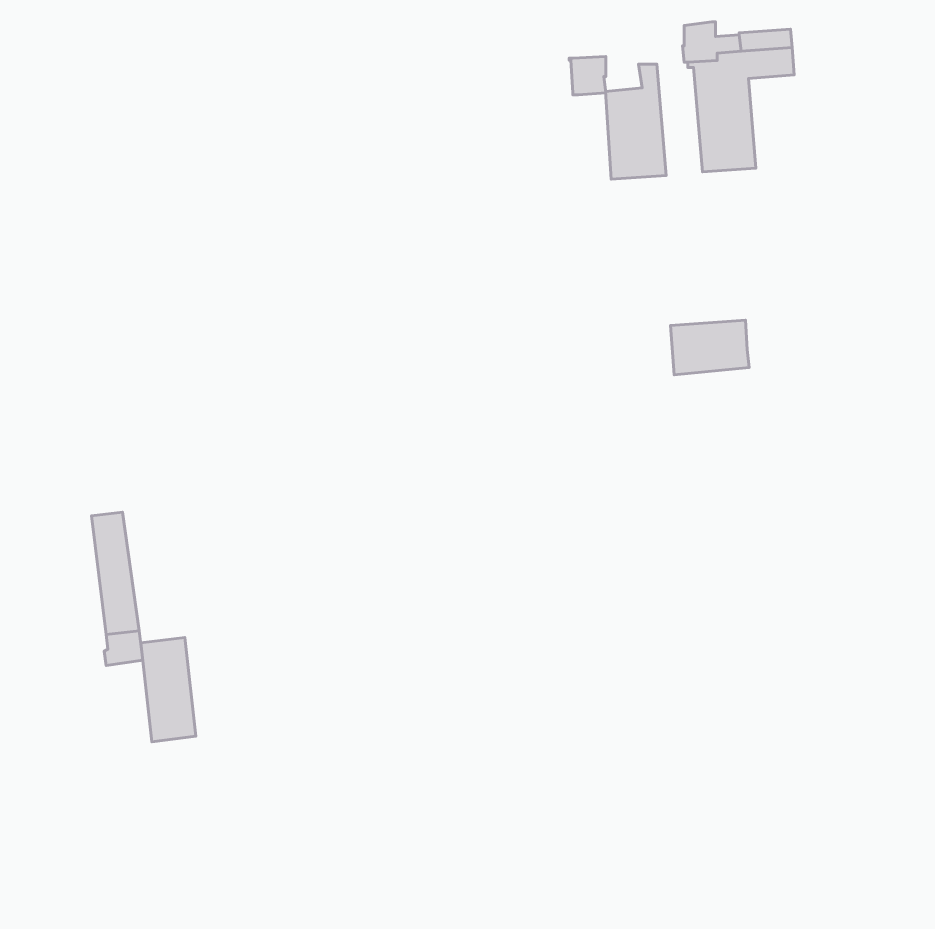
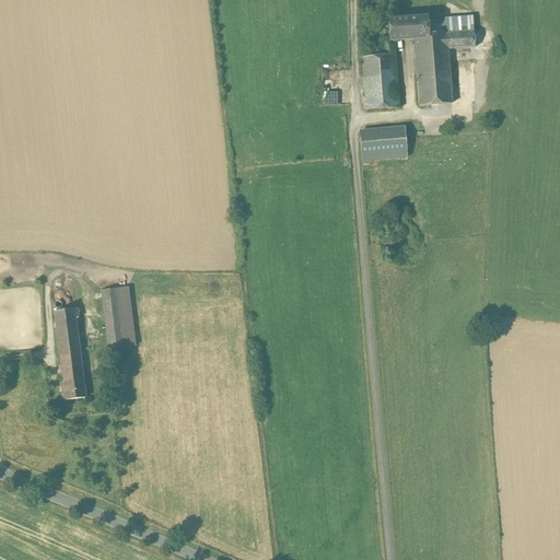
building: [569,56,606,95] -> [387,15,409,38]
building: [670,320,749,375] -> [360,126,407,159]
building: [141,637,196,742] -> [102,284,135,347]

